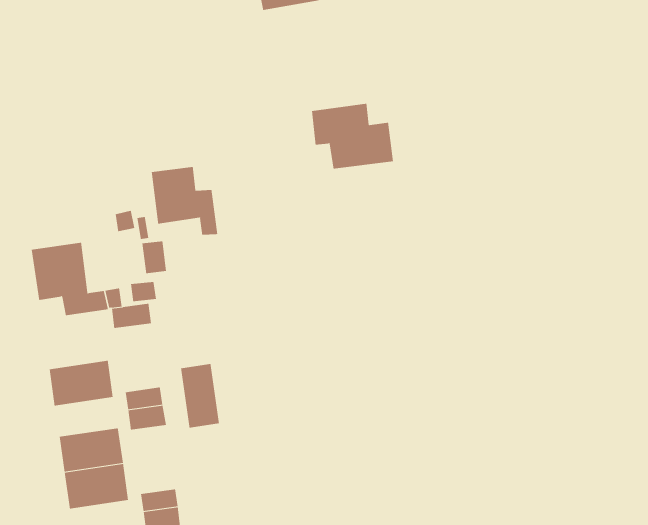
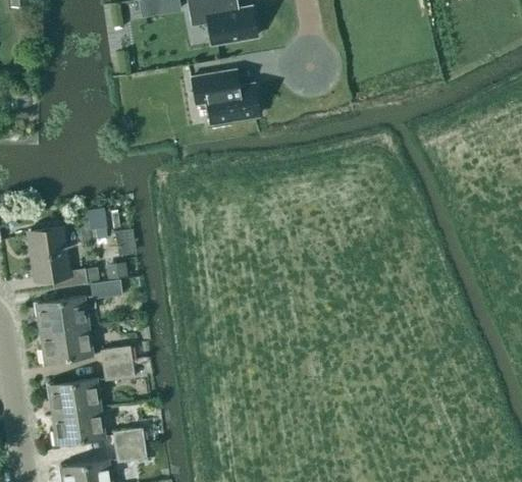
building: [311,103,394,169] -> [191,70,257,123]
building: [151,166,218,235] -> none
building: none -> [36,297,88,332]
building: [180,363,219,429] -> none

